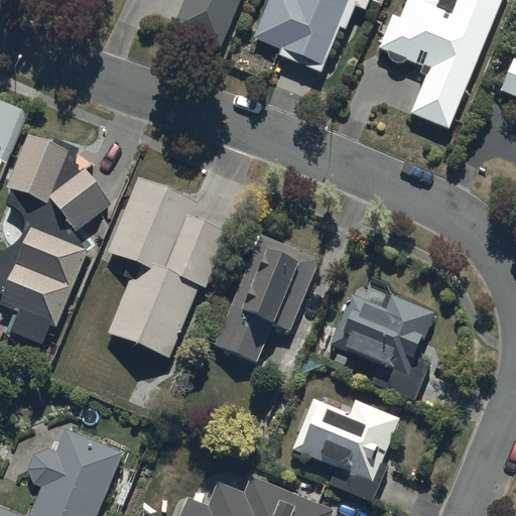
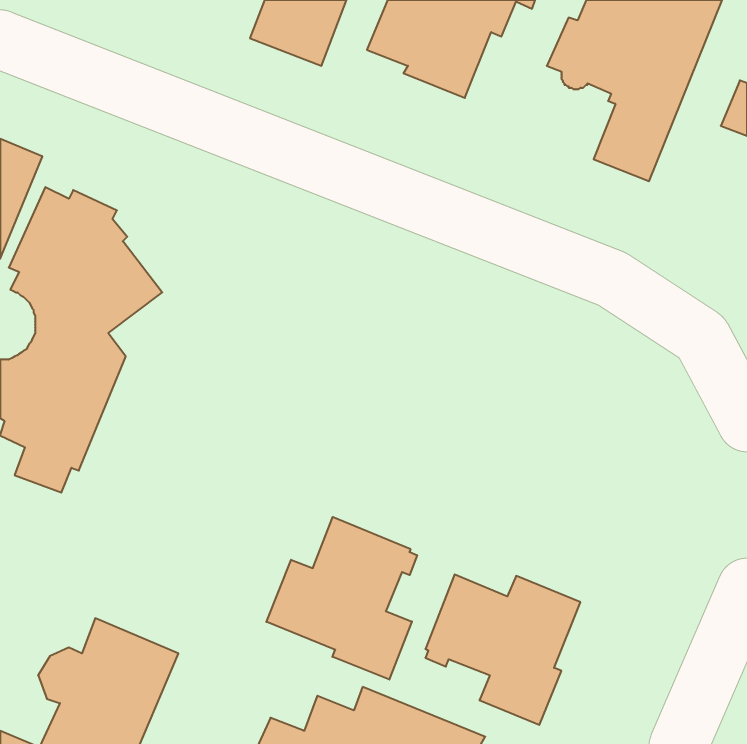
building: [107,177,229,357] -> none
building: [216,231,320,360] -> none
building: [330,294,434,400] -> none
building: none -> [266,517,417,680]

